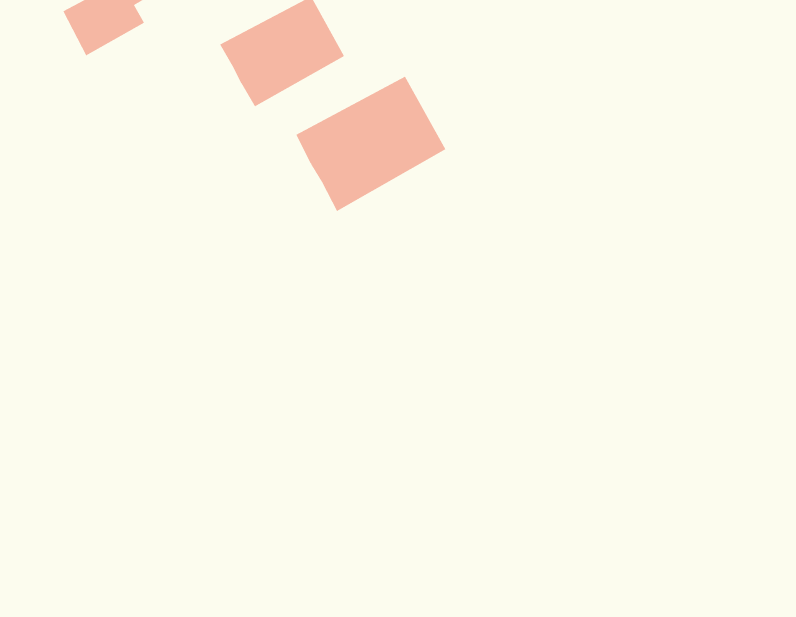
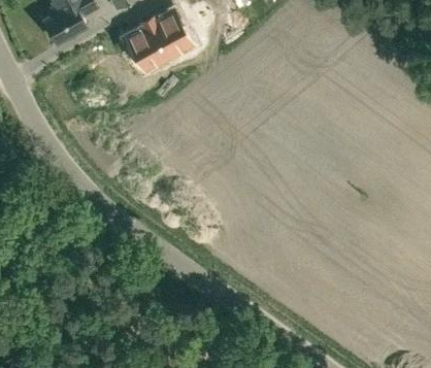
building: [295,76,446,212] -> none

